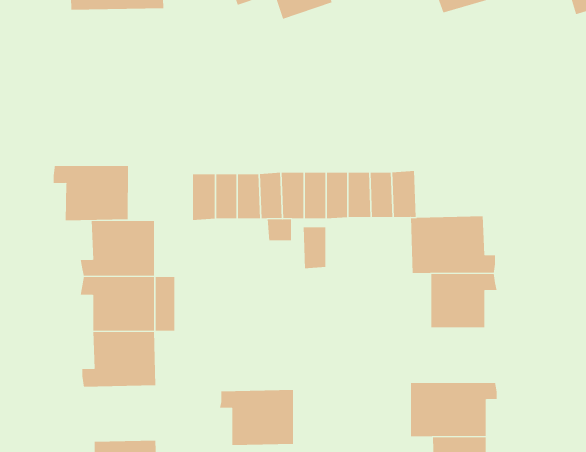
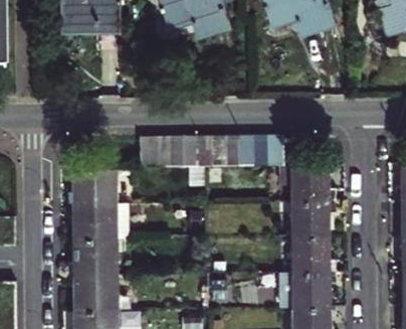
building: [53,165,129,221] -> none
building: none -> [293,235,337,271]
building: [219,390,294,446] -> [68,273,117,309]

